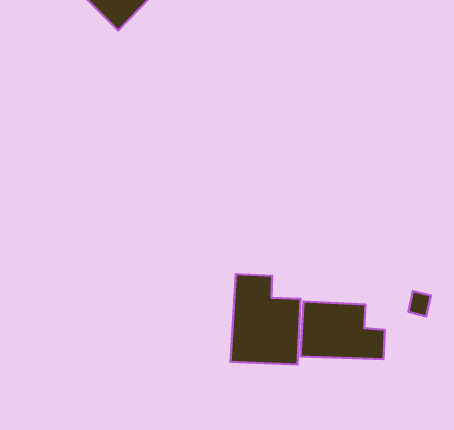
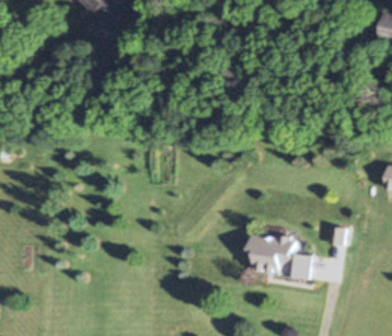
building: [230,274,301,365] -> none

